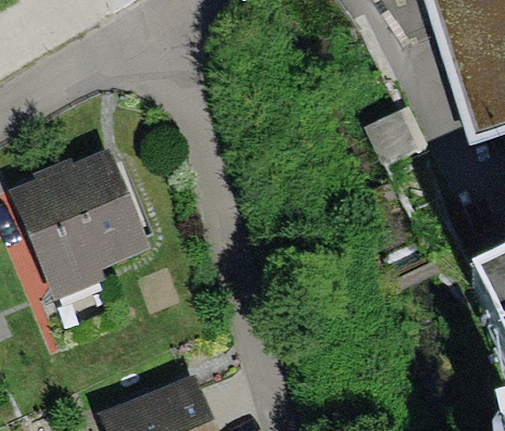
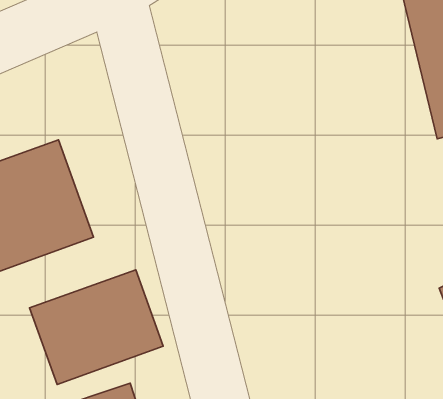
building: none -> [30,270,163,384]

